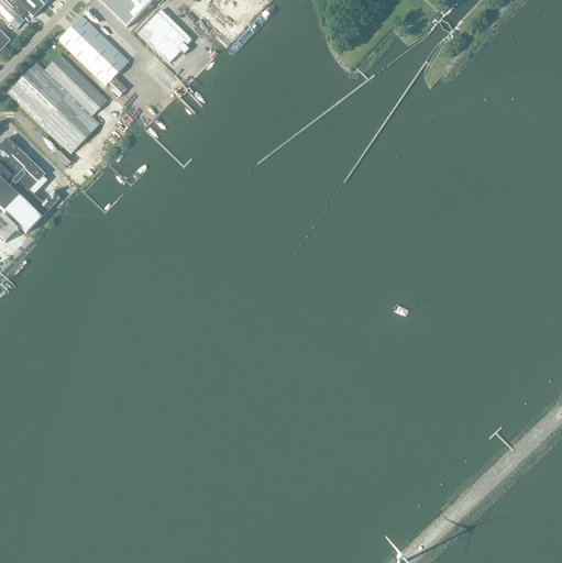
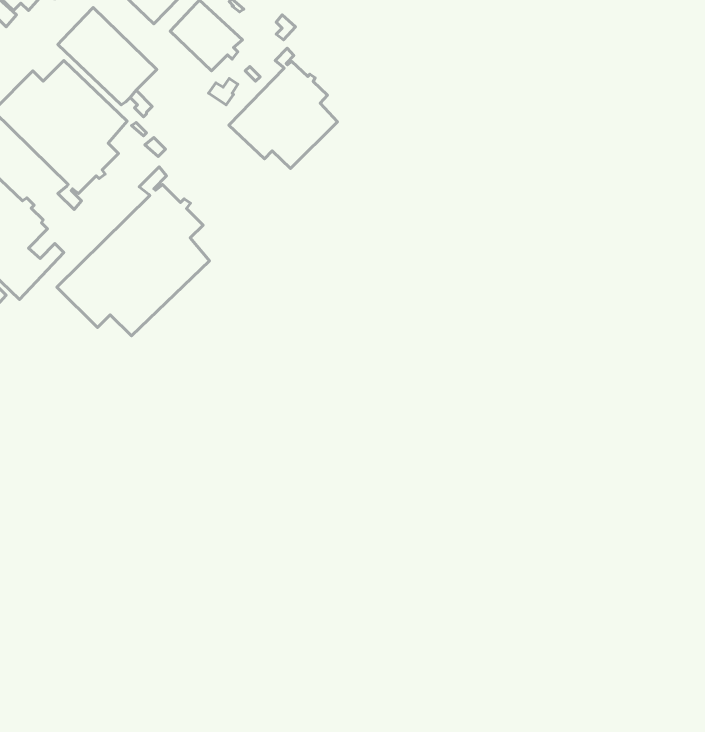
building: none -> [229,48,337,168]
building: none -> [57,167,210,336]

